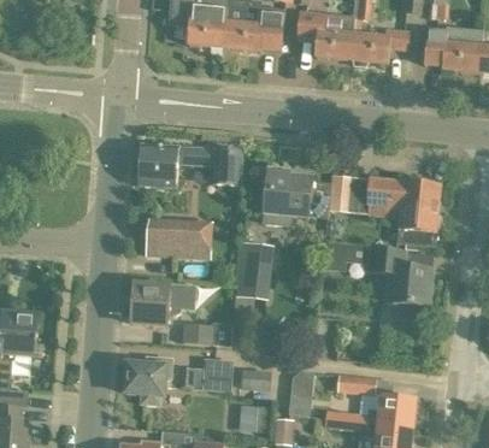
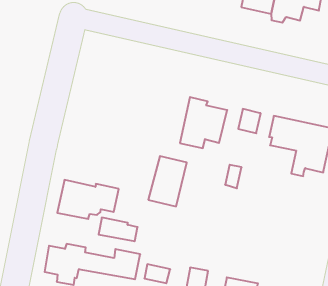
building: [139,145,243,187] -> none
building: [145,218,222,257] -> none
building: [366,246,434,319] -> none

